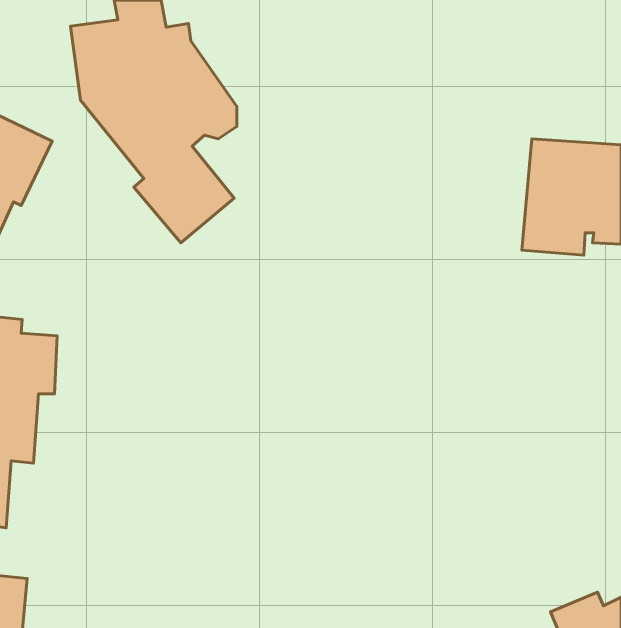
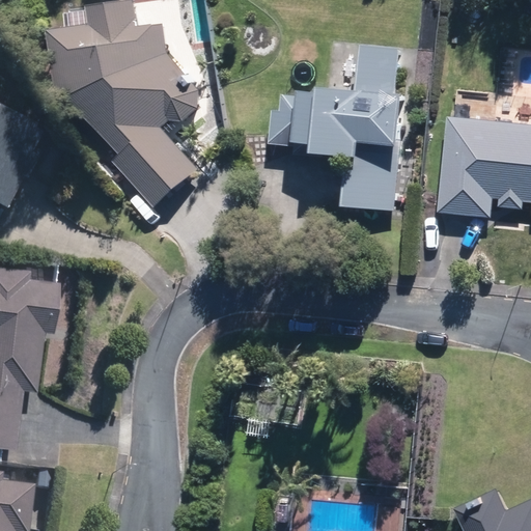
building: none -> [267,46,408,207]

